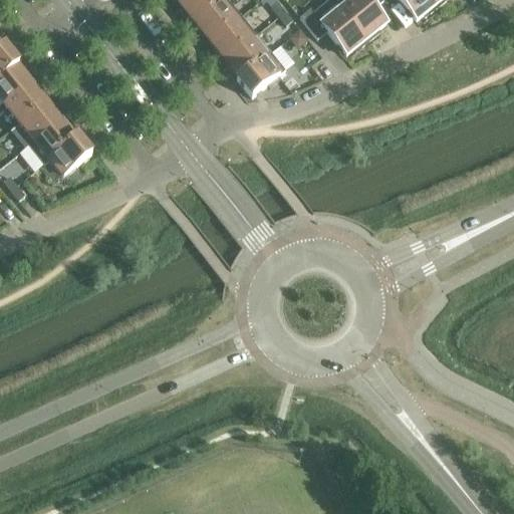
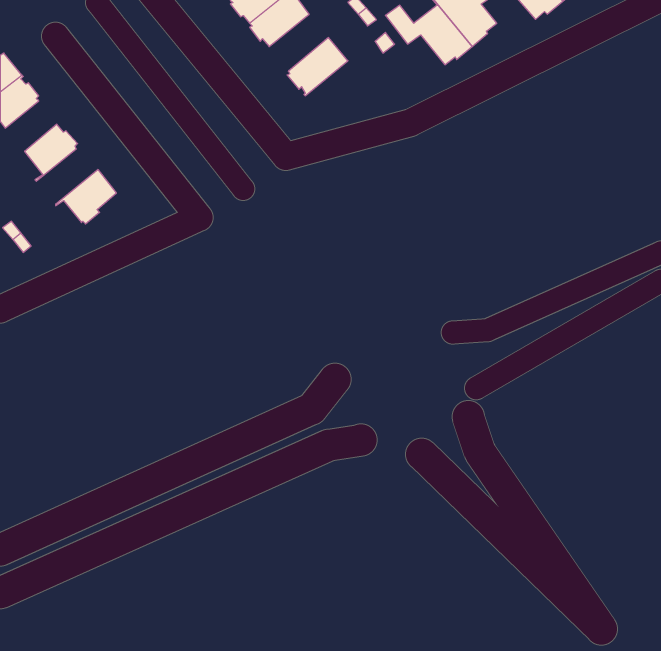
building: [209,11,255,55] -> none
building: [237,47,284,92] -> none
building: [4,78,44,117] -> none
building: [28,115,76,159] -> none

